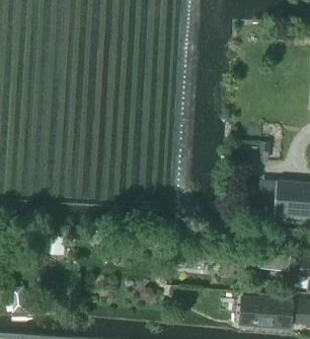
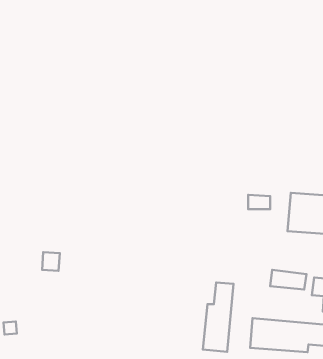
building: none -> [203,282,233,352]

